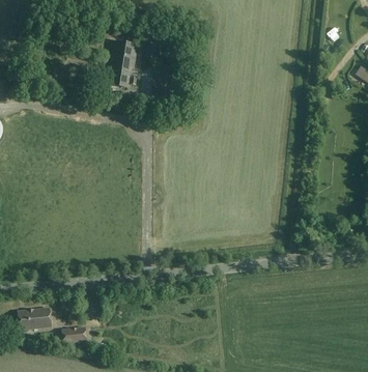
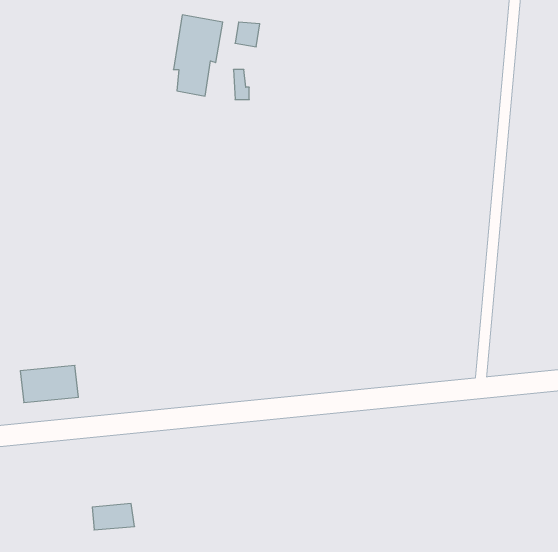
building: [16,308,50,330] -> [20,365,78,403]

